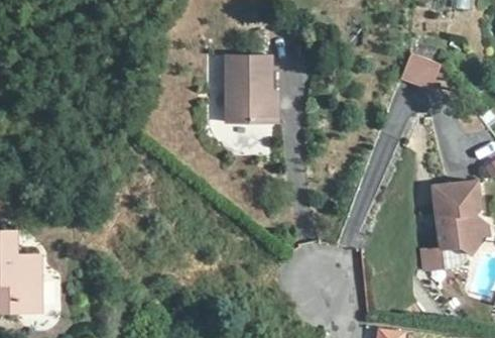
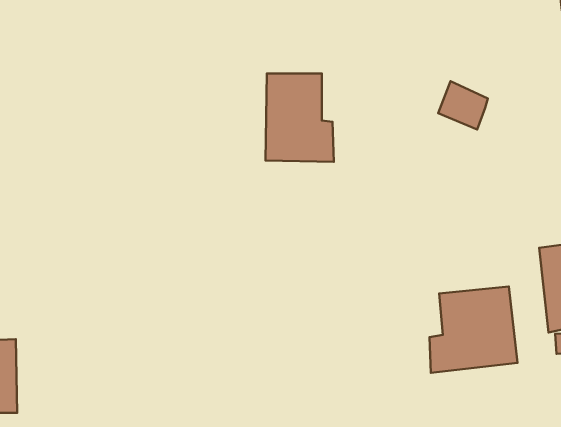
building: [400,49,438,86] -> [438,81,488,129]
building: none -> [429,286,517,373]

